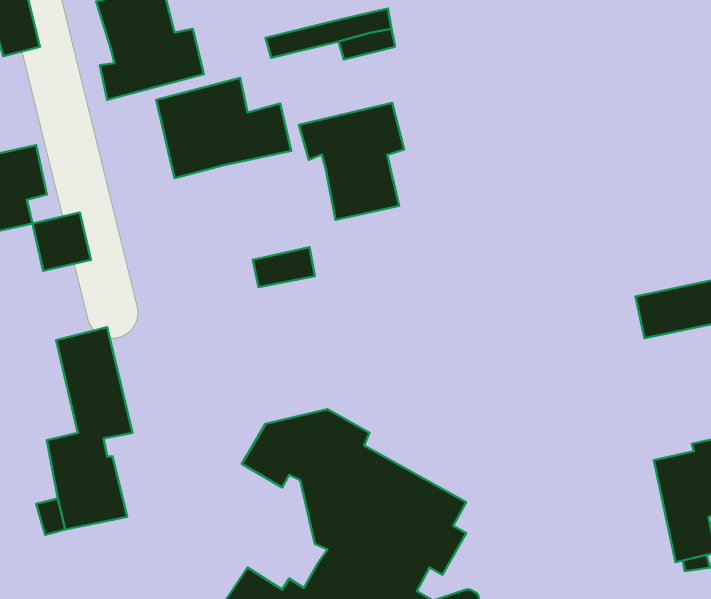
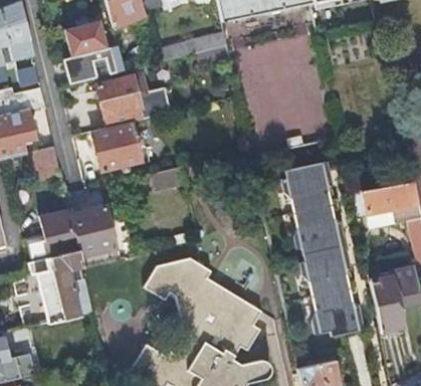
building: [299,103,404,220] -> none
building: none -> [92,120,146,172]
building: none -> [282,162,364,337]
building: none -> [71,206,115,267]

